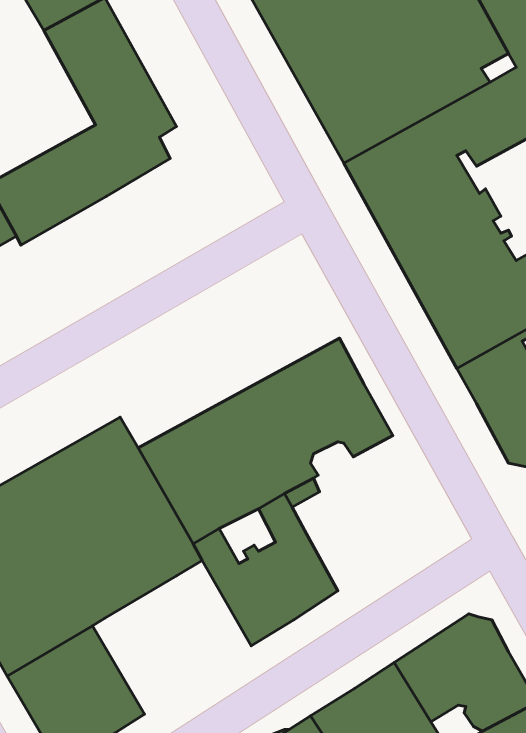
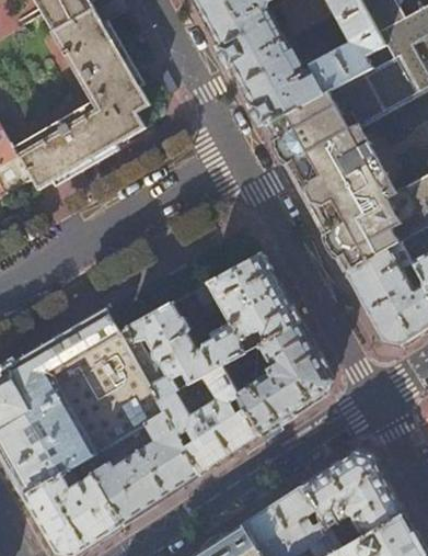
building: none -> [239,322,332,434]
building: none -> [86,412,200,523]

